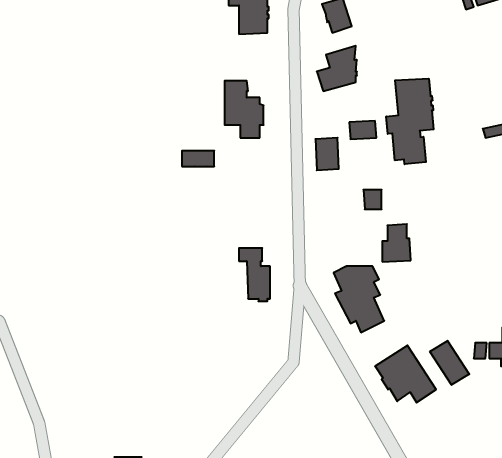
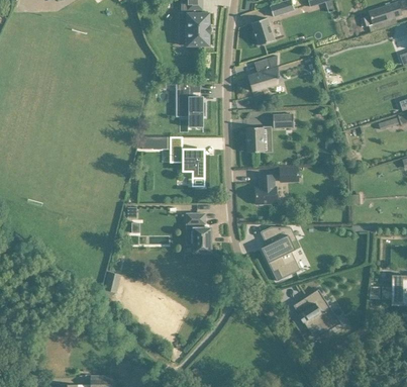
building: [386,79,434,164] -> none
building: none -> [172,150,204,178]
building: [382,224,411,262] -> [256,175,278,204]
building: [430,341,469,385] -> none

